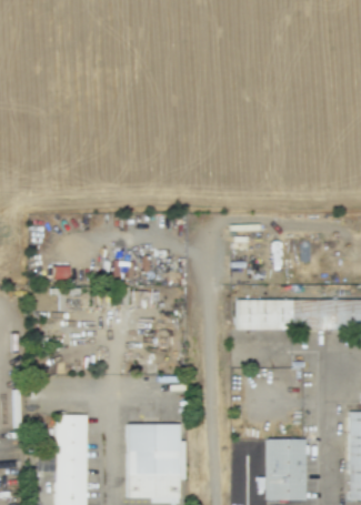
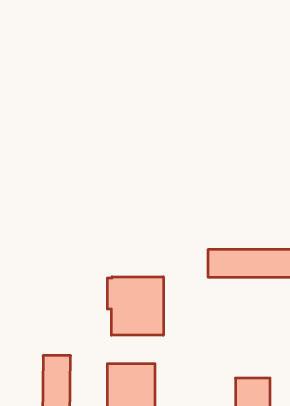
building: none -> [107,277,163,335]

